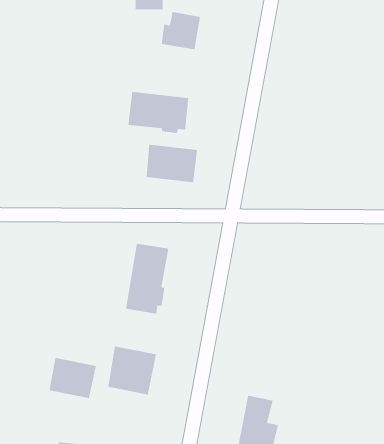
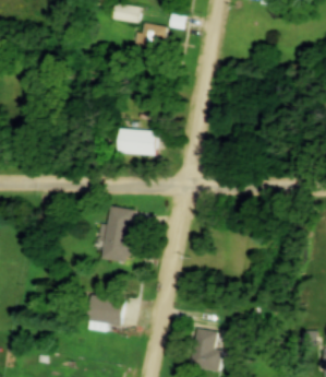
building: [128,91,189,134] -> none
building: [49,357,96,399] -> none

